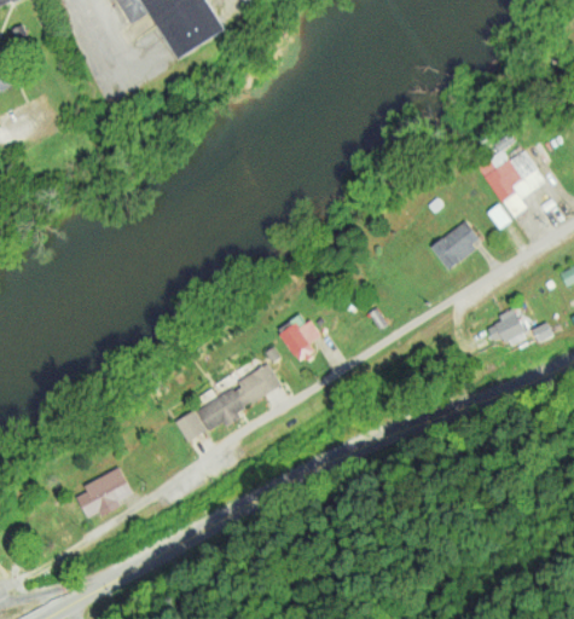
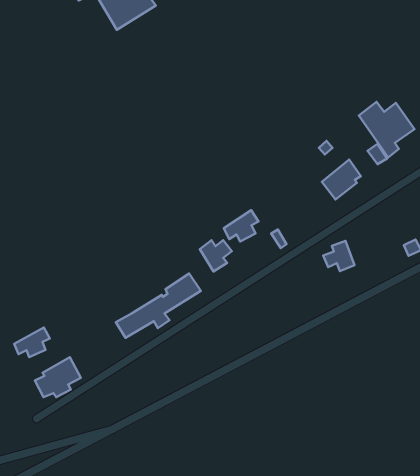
building: none -> [224,210,258,242]
building: [487,306,526,343] -> [323,241,354,271]
building: none -> [14,327,50,357]

